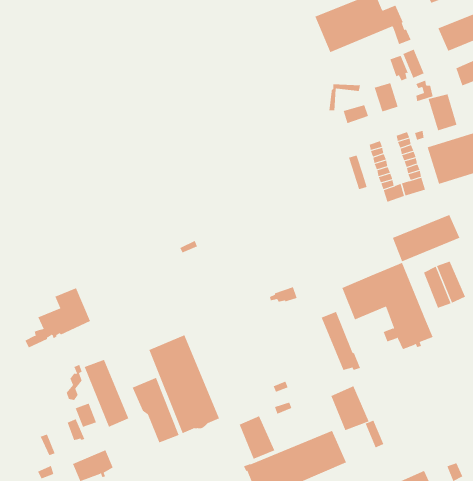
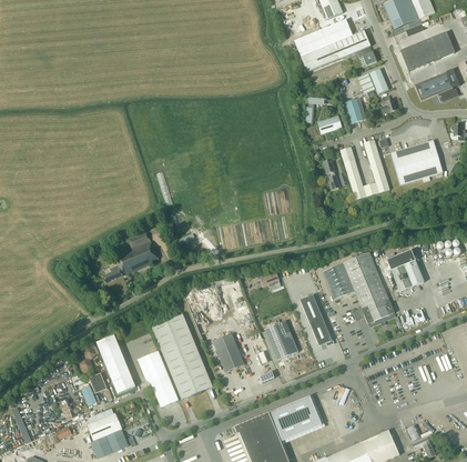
building: [428,93,457,131] -> none
building: [392,214,460,262] -> none
building: [25,287,91,348] -> [102,230,159,282]
building: [331,385,369,431] -> [265,320,298,359]
building: [239,416,275,460] -> [213,333,244,371]

